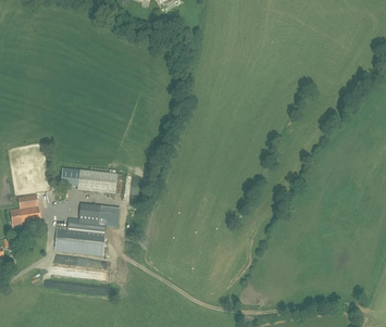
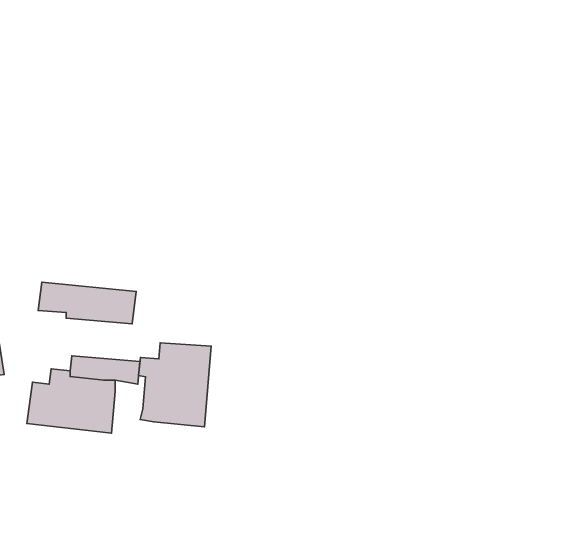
building: none -> [139,343,211,427]

